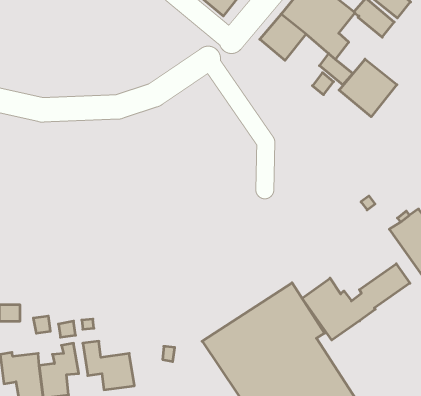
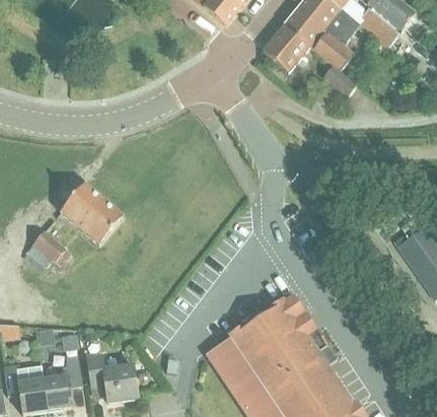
building: [339,59,397,117] -> none
building: none -> [59,183,122,244]
building: none -> [22,230,70,271]
building: [302,264,410,340] -> none

